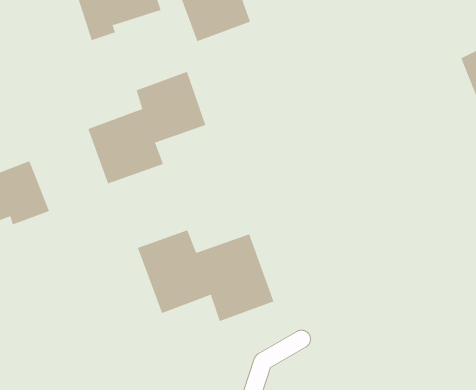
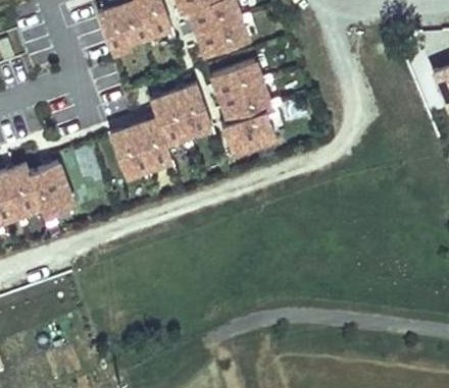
building: none -> [208,58,278,157]
building: [137,230,274,322] -> none

